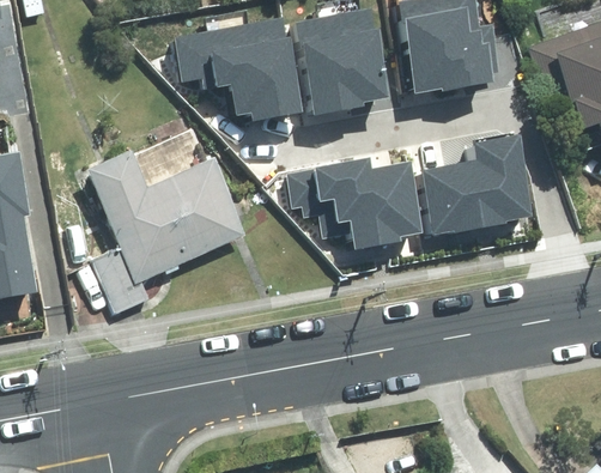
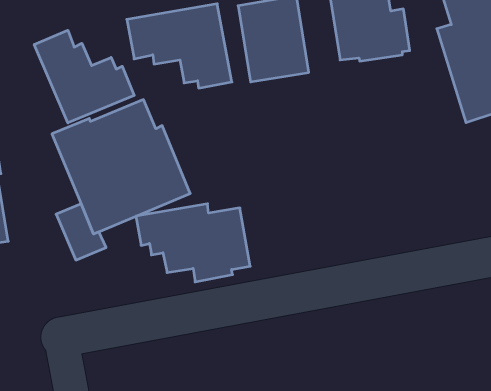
building: none -> [34,30,134,123]
building: [424,139,529,230] -> none
building: [287,159,419,249] -> [136,204,250,282]

